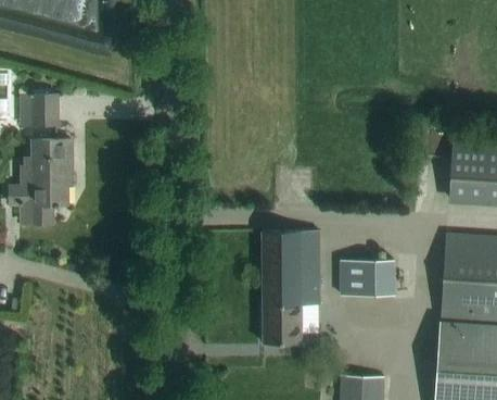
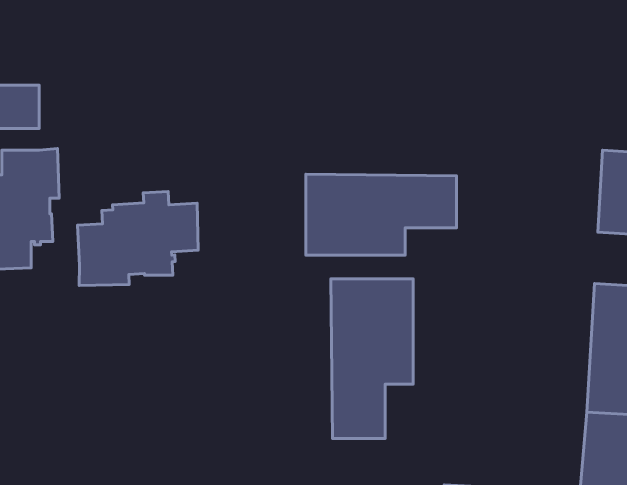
building: none -> [306,174,456,255]
building: none -> [77,191,198,286]
building: [341,260,394,297] -> none

